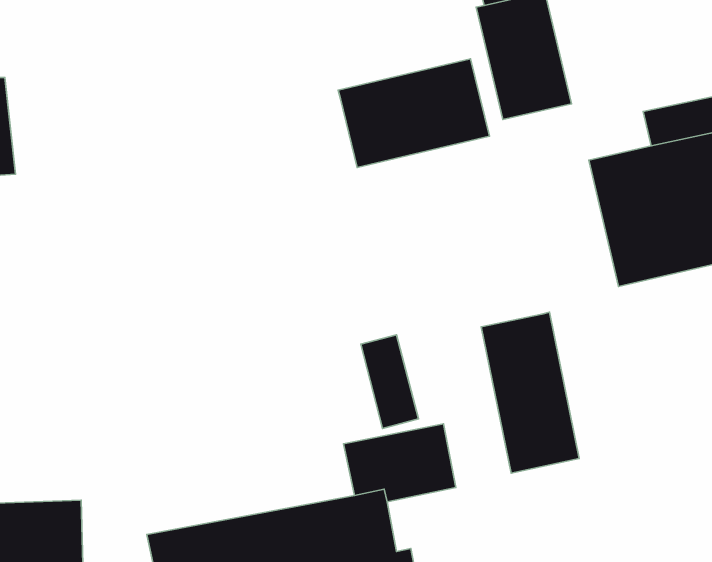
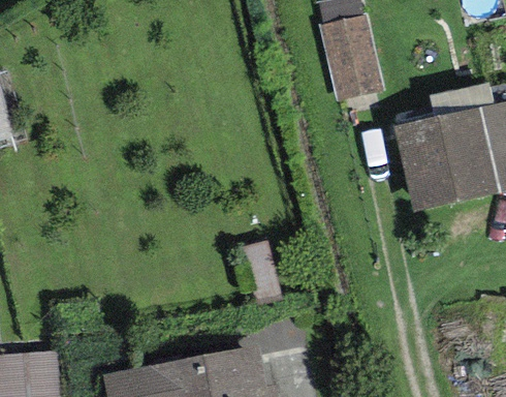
building: [338,59,489,167] -> none
building: [481,312,579,473] -> none

